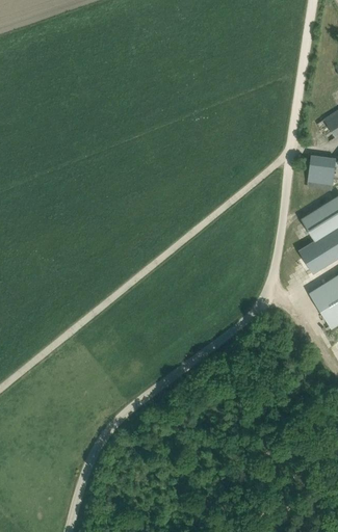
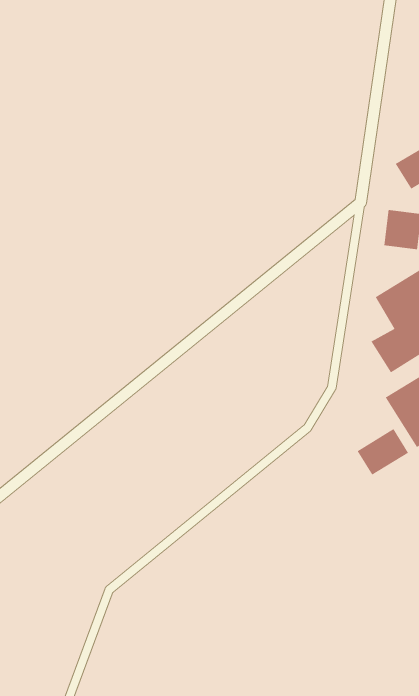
building: none -> [357,428,409,476]

